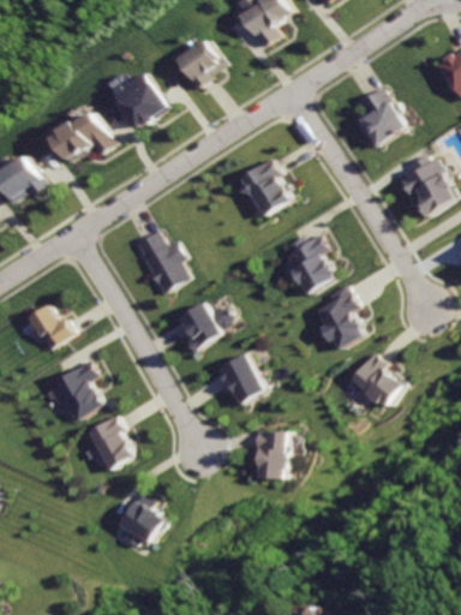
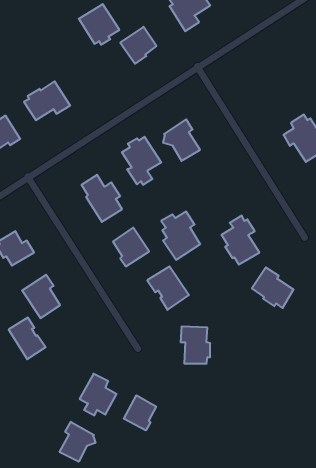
building: [114,73,167,126] -> [79,4,119,45]
building: [347,88,401,150] -> none
building: none -> [122,137,161,185]
building: [279,234,329,297] -> [161,212,200,260]
building: [91,417,139,471] -> [9,318,46,359]
building: none -> [124,395,156,430]
building: none -> [60,422,95,462]

